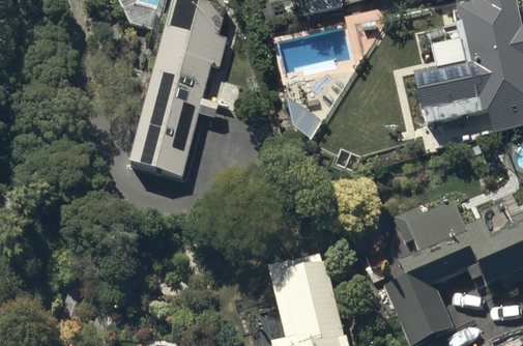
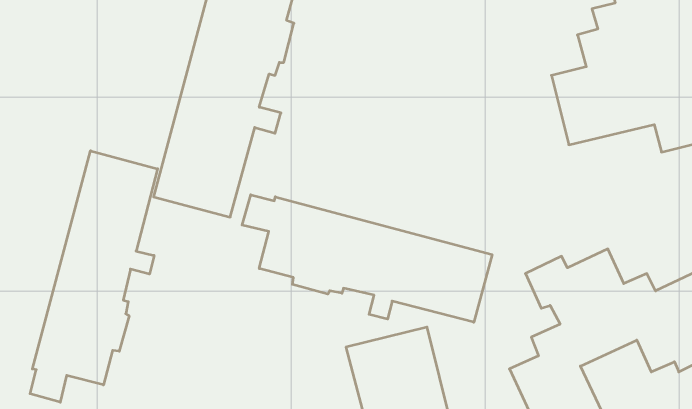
building: none -> [30,151,158,402]
building: none -> [242,195,492,322]

